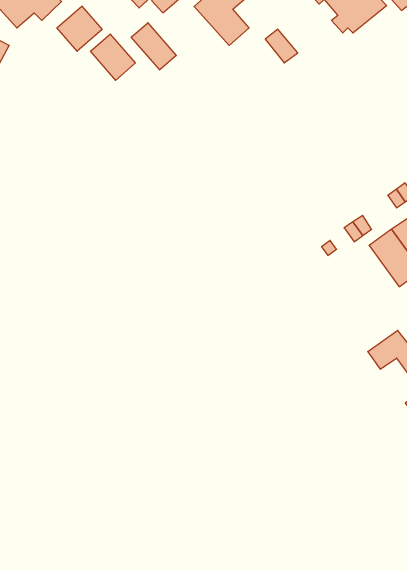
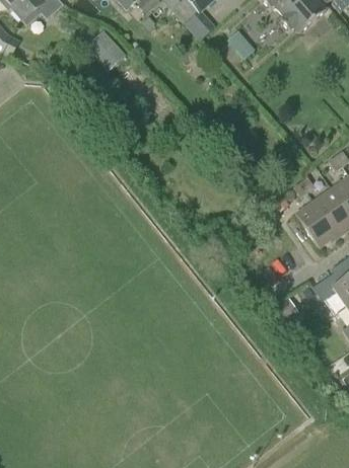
building: [57,6,102,51] -> none
building: [131,23,176,70] -> none
building: none -> [295,201,338,247]

